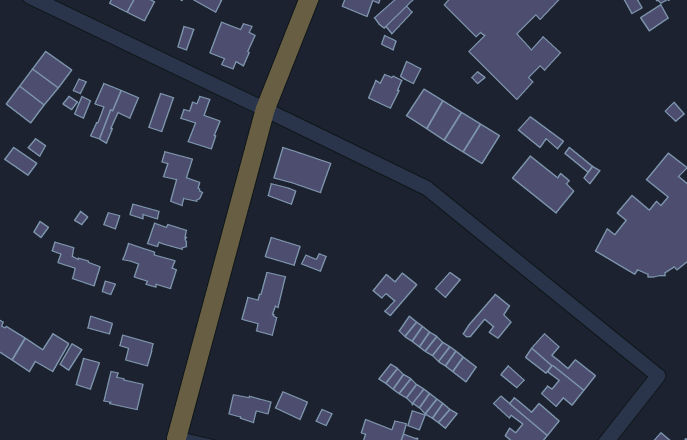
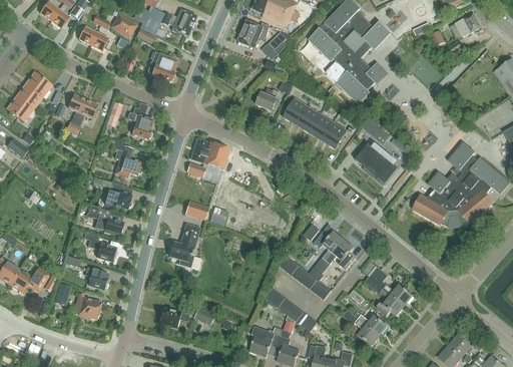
building: [52,242,100,286] -> [83,231,116,261]
building: [373,273,417,315] -> [314,231,344,260]

